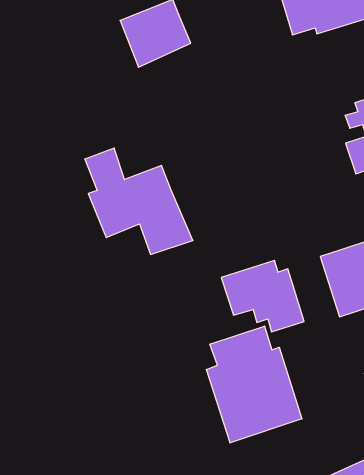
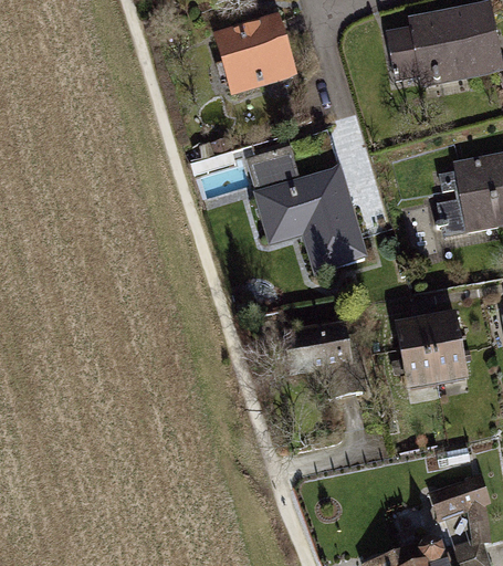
building: [85,148,193,254] -> [253,151,359,271]
building: [206,326,302,443] -> none

